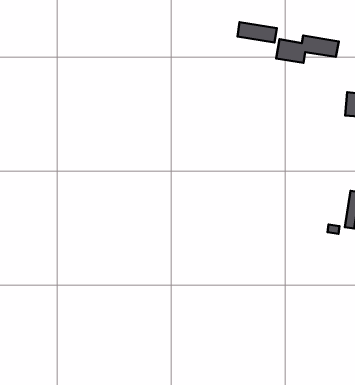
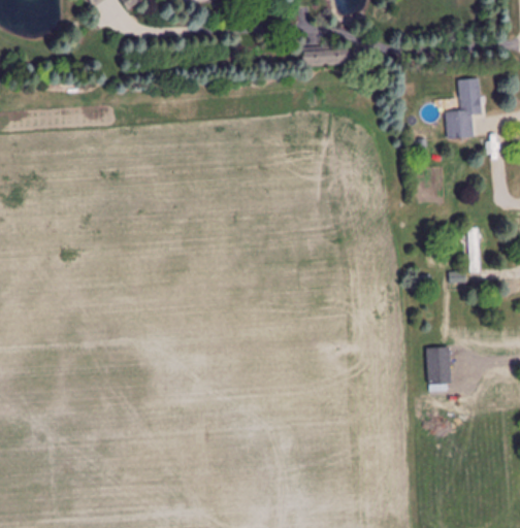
building: [276,36,339,63] -> none
building: none -> [426,348,451,384]

